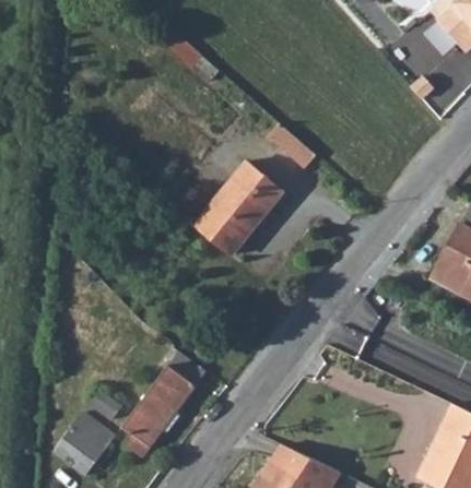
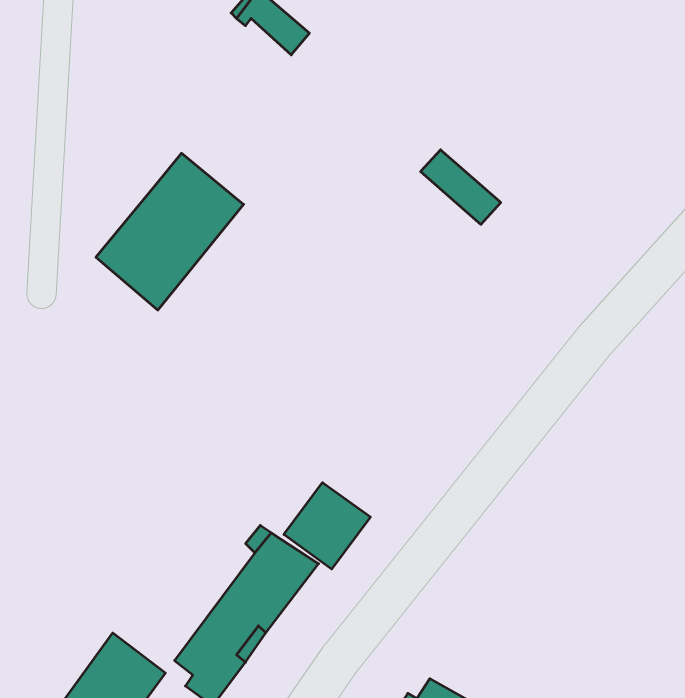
building: [195,162,283,255] -> [96,153,244,310]
building: none -> [284,483,370,569]

